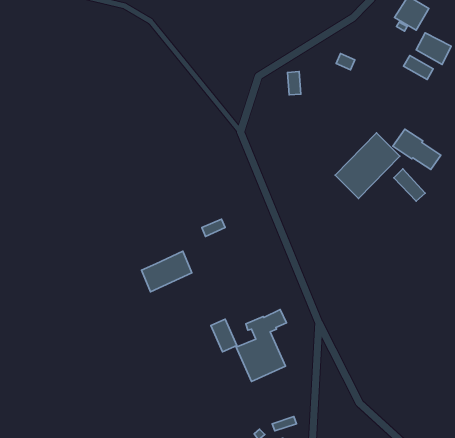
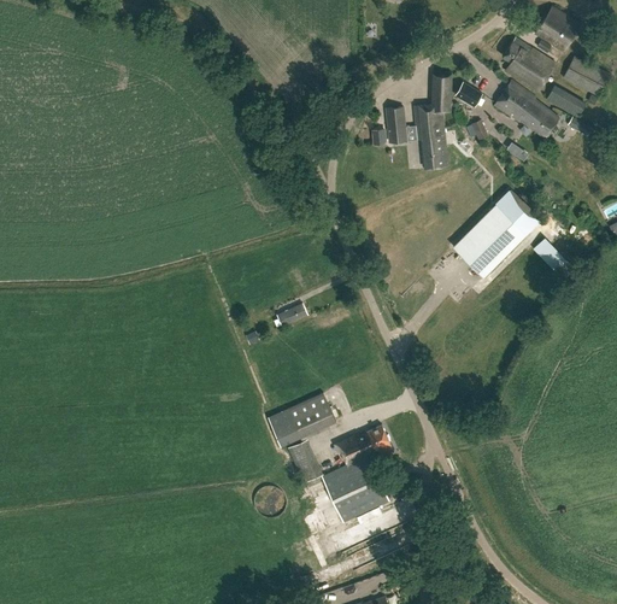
building: none -> [503,42,554,92]
building: none -> [413,74,452,169]
building: [393,129,441,170] -> [494,84,558,139]
building: [141,251,192,292] -> [269,392,336,446]

